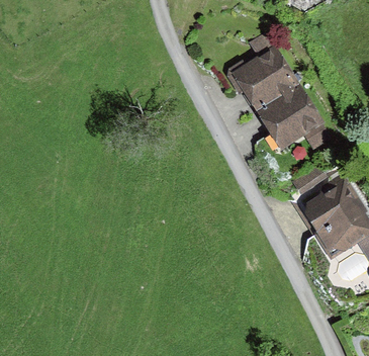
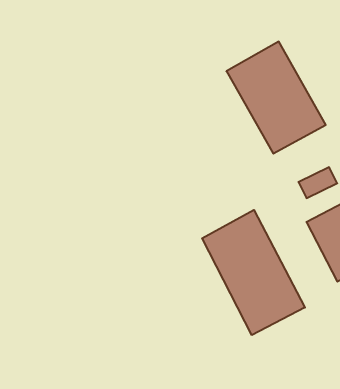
building: none -> [202,210,305,335]

